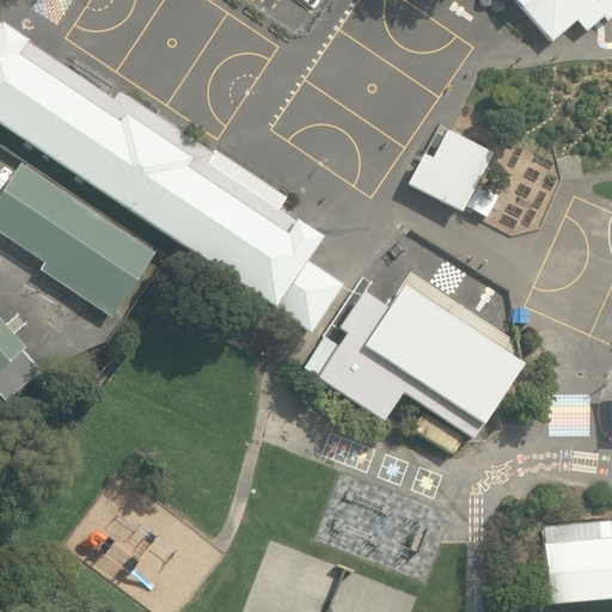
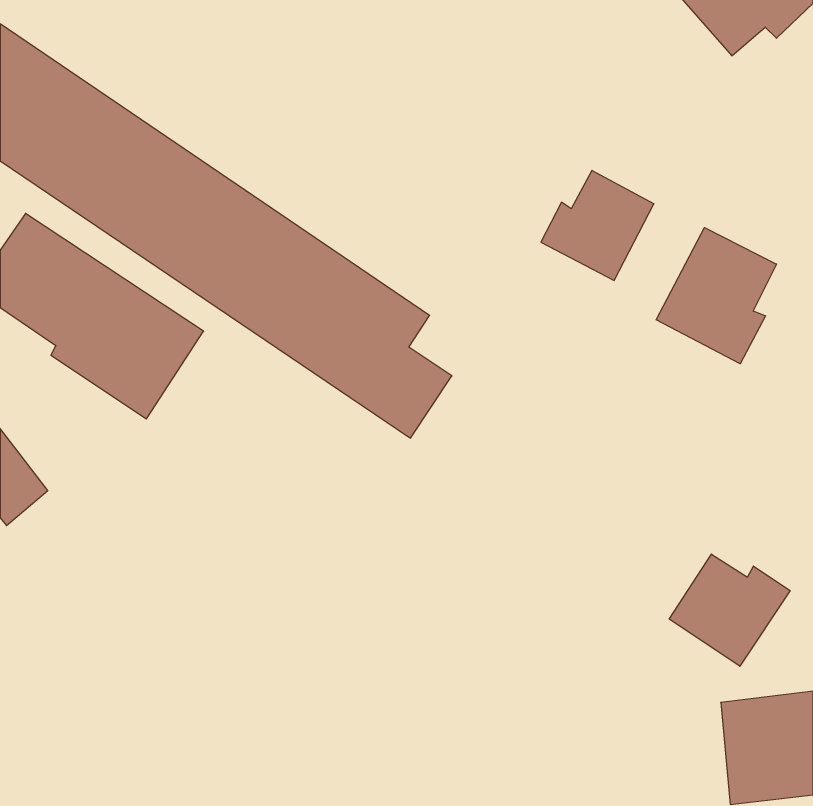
building: none -> [656,228,777,364]
building: [318,288,520,441] -> none
building: none -> [669,554,790,666]

